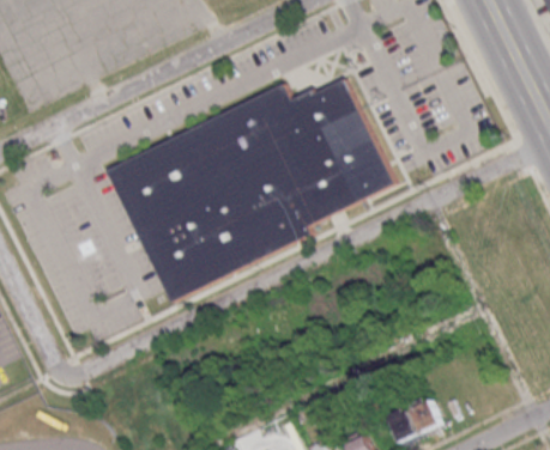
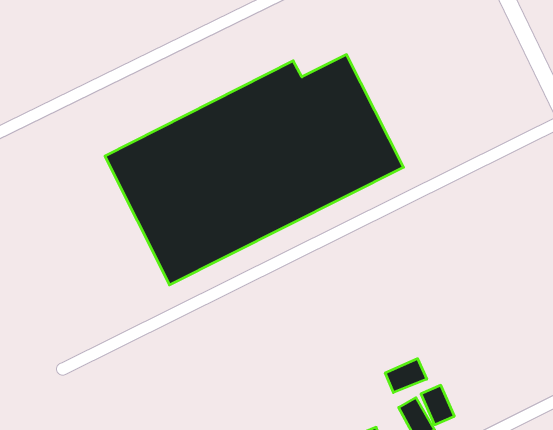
building: none -> [385,359,427,393]

